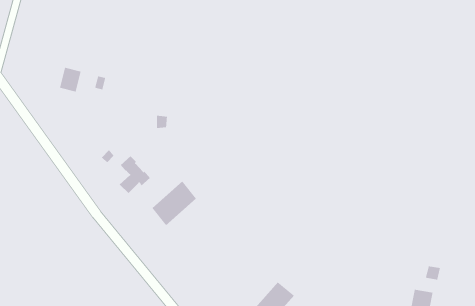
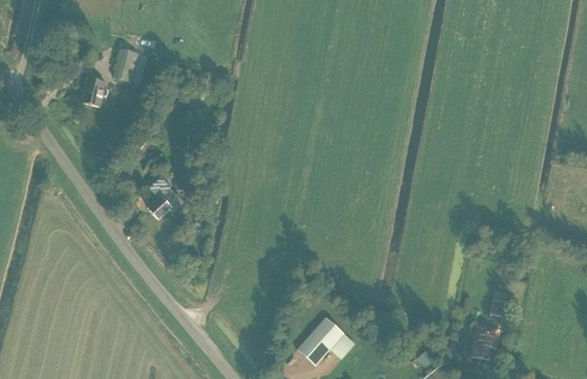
building: none -> [113,49,139,82]
building: [151,181,197,226] -> none

